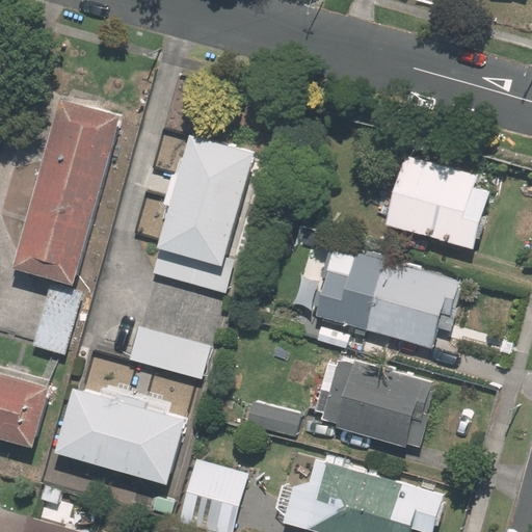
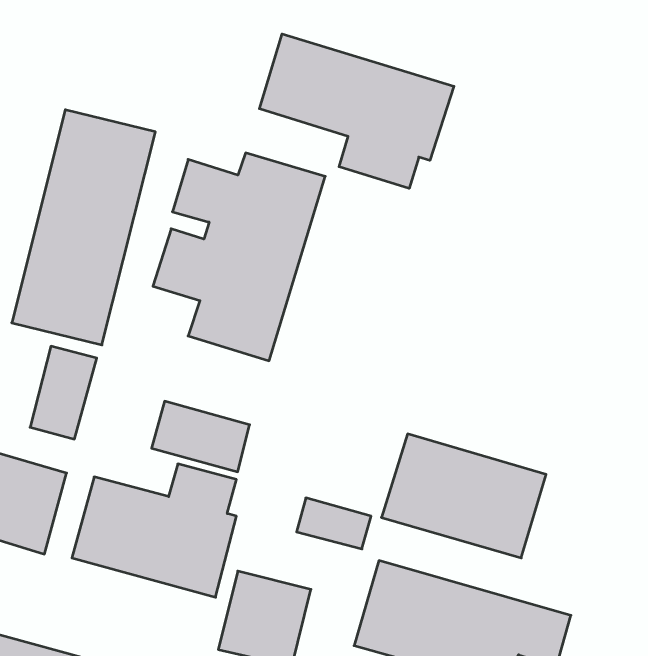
building: none -> [259,34,454,188]
building: [387,156,488,248] -> none
building: [307,249,460,350] -> none

